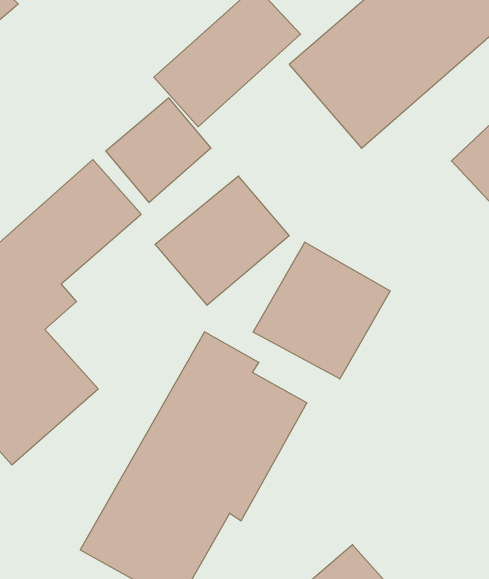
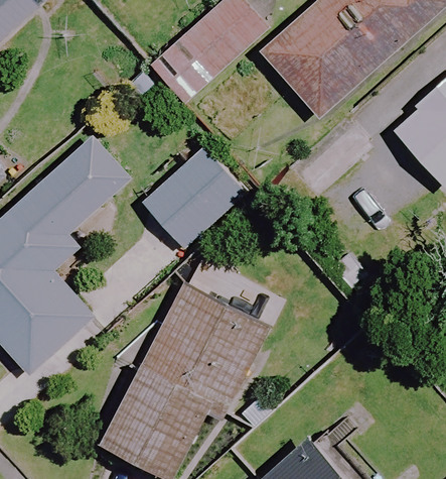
building: [106,98,211,203] -> none
building: [253,242,390,379] -> none

